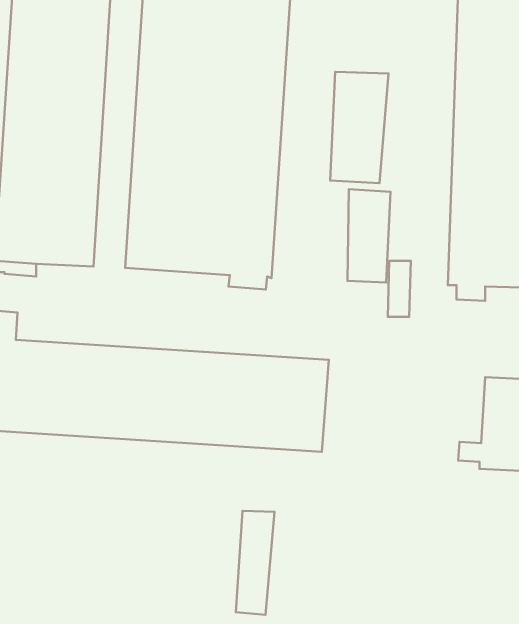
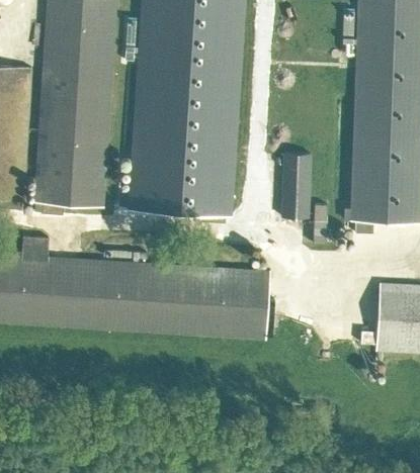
building: [330,72,389,183] -> none
building: [236,511,274,615] -> none

